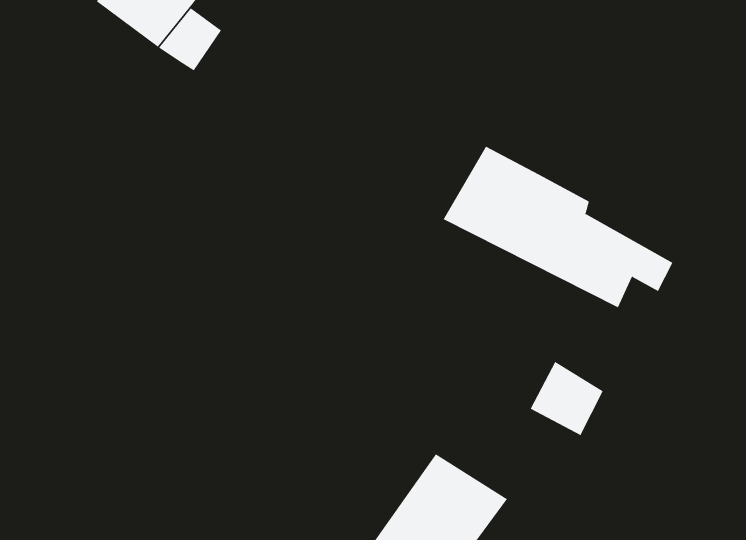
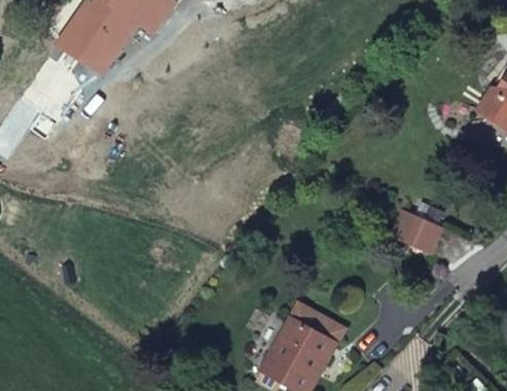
building: [443,146,673,308] -> none
building: [530,361,604,436] -> [395,211,439,255]

